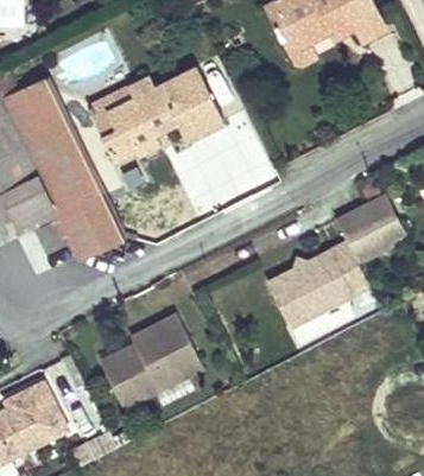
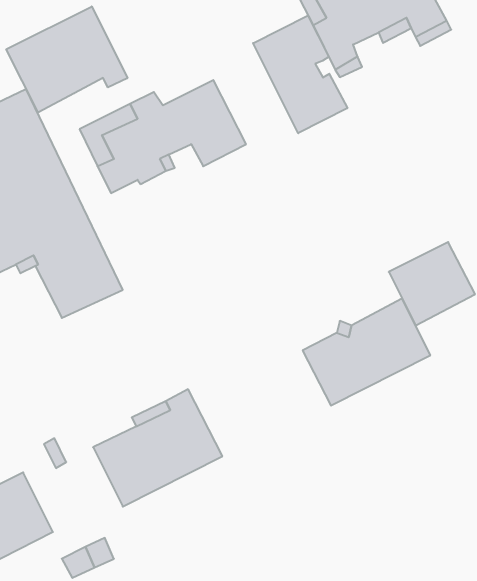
building: none -> [6,6,127,112]
building: none -> [253,15,347,133]

